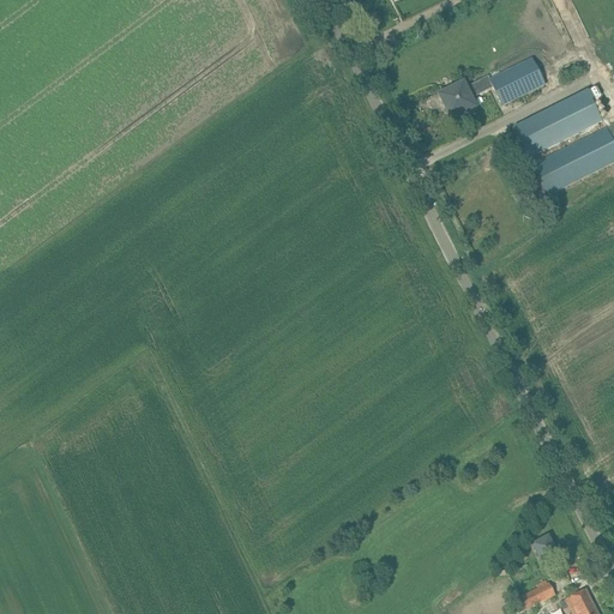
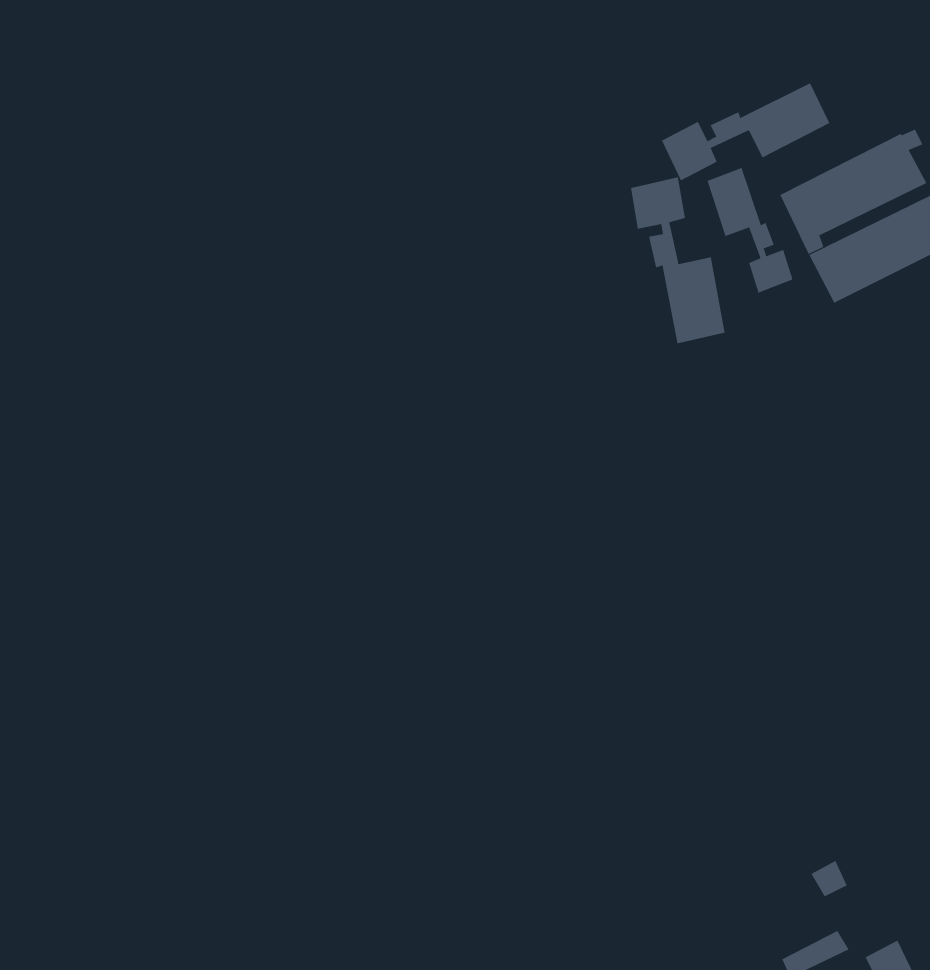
building: none -> [707,167,793,293]
building: none -> [630,177,725,344]

